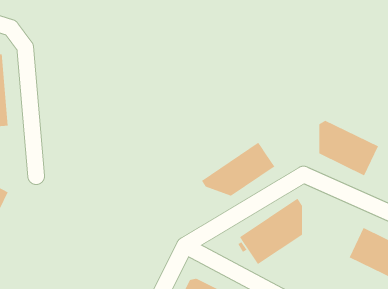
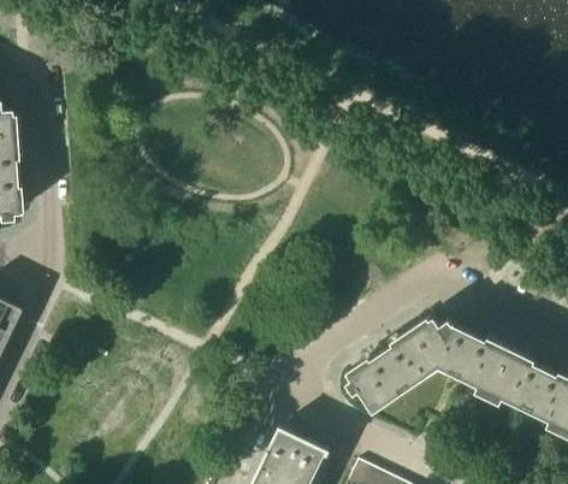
building: [319,120,379,176] -> [439,321,526,402]
building: [201,142,275,197] -> none

